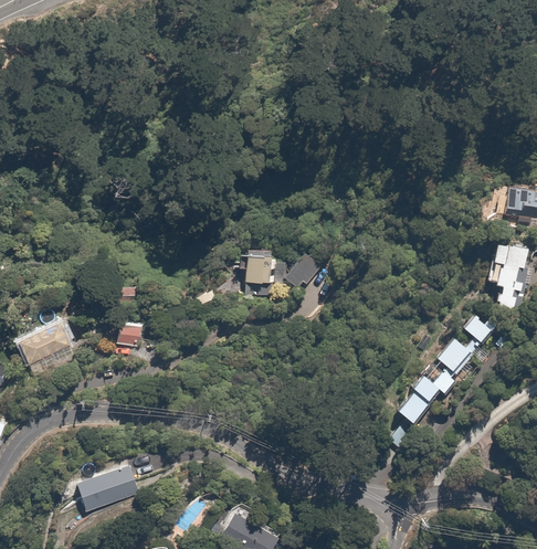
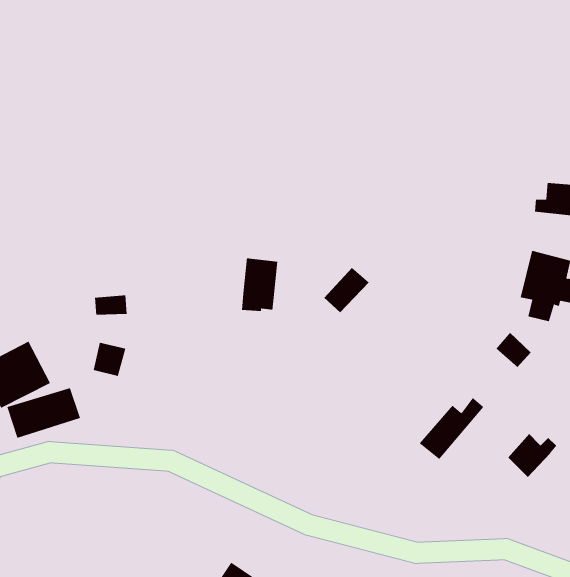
building: [281,252,320,292] -> [324,267,370,313]
building: [435,335,478,373] -> [507,433,557,478]
building: [75,467,139,511] -> [7,388,81,439]

